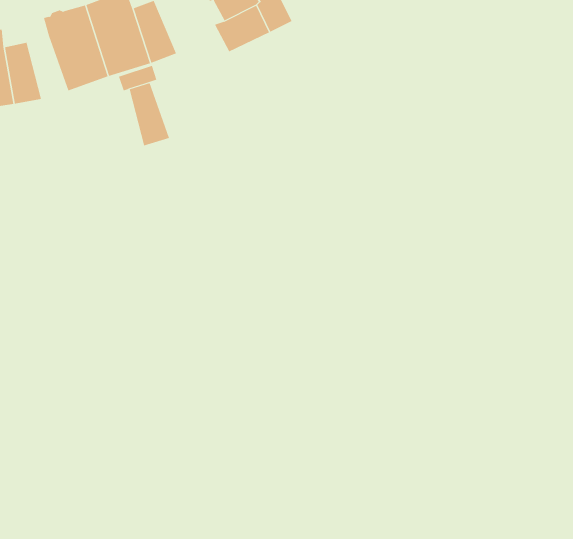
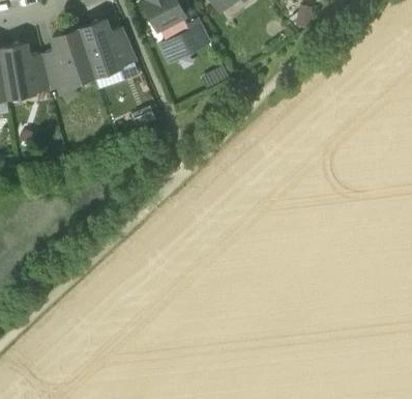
building: [129,83,170,146] -> [40,51,66,91]

